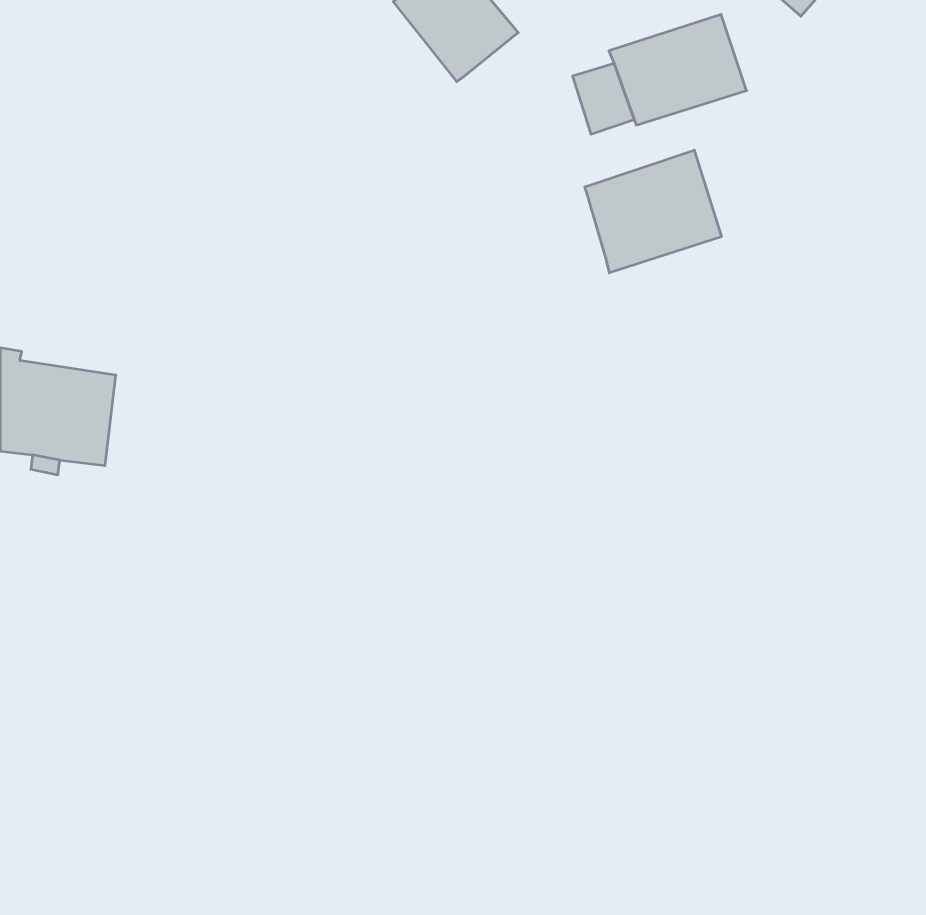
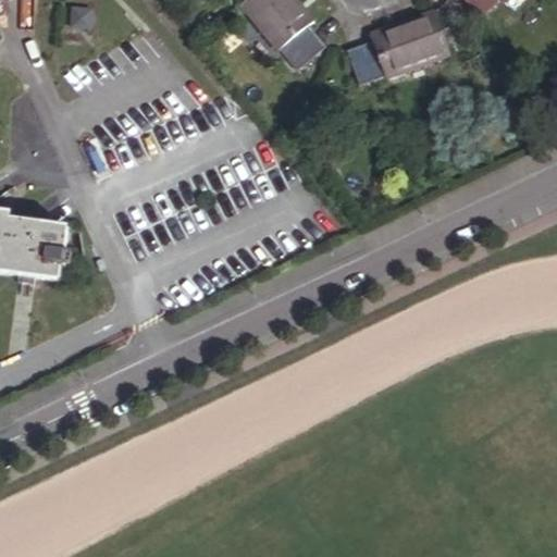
building: none -> [277,23,322,65]
building: [585,150,721,273] -> none

